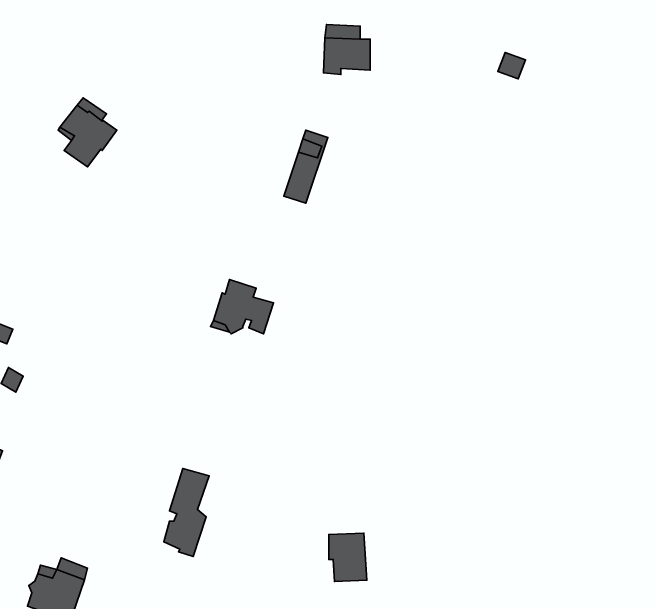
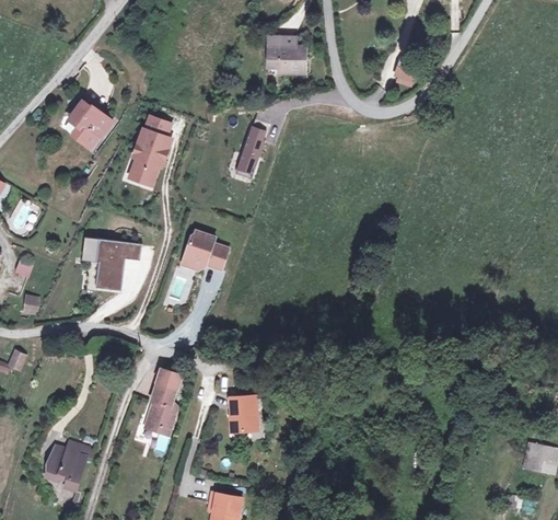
building: none -> [130,116,168,182]
building: none -> [97,238,142,289]
building: [329,533,367,581] -> [230,398,258,435]

